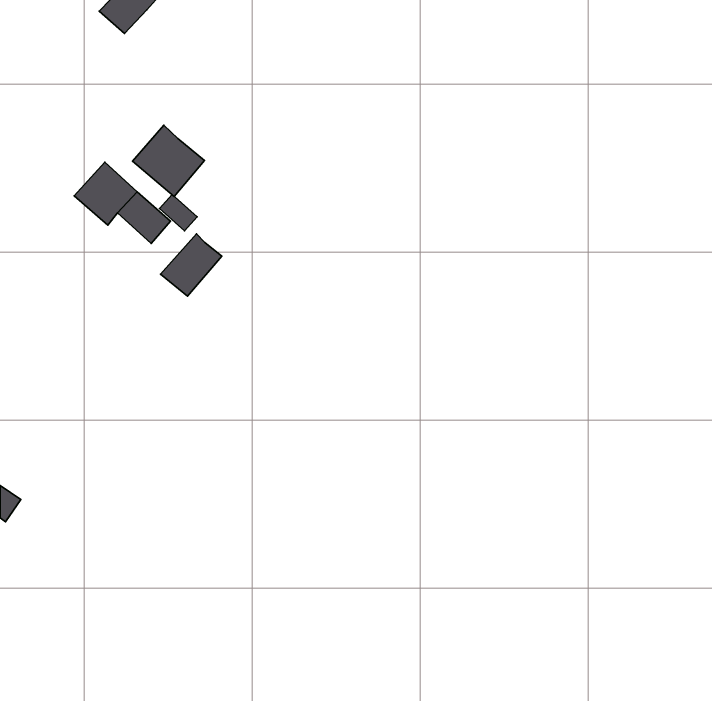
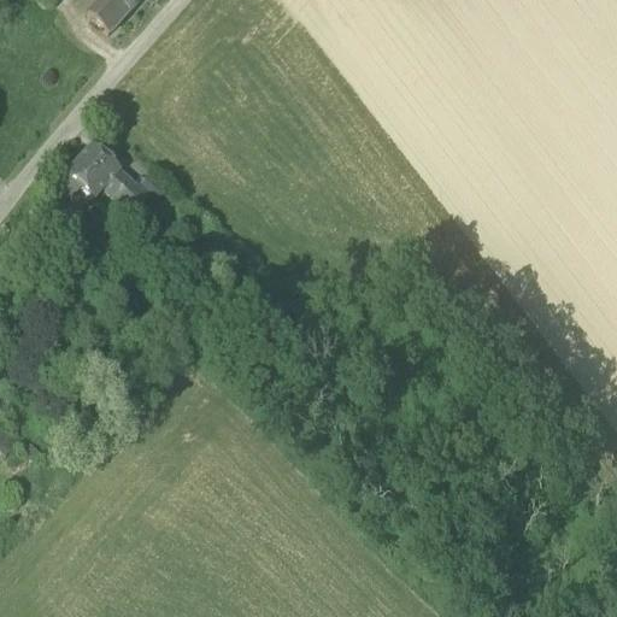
building: [132,125,204,196] -> none
building: [161,234,222,296] -> none

